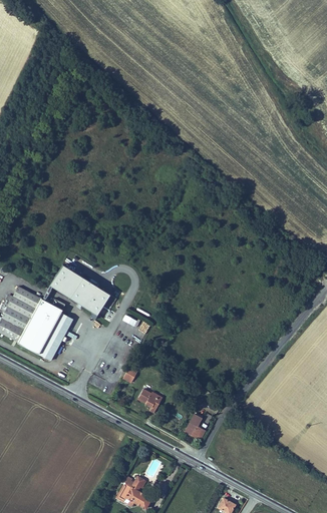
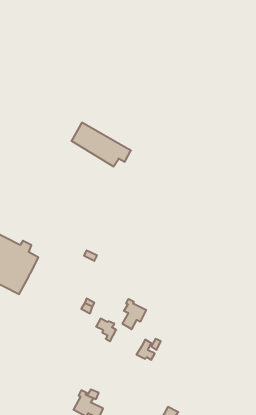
building: [51,266,119,316] -> [71,123,131,166]
building: none -> [123,299,146,329]

